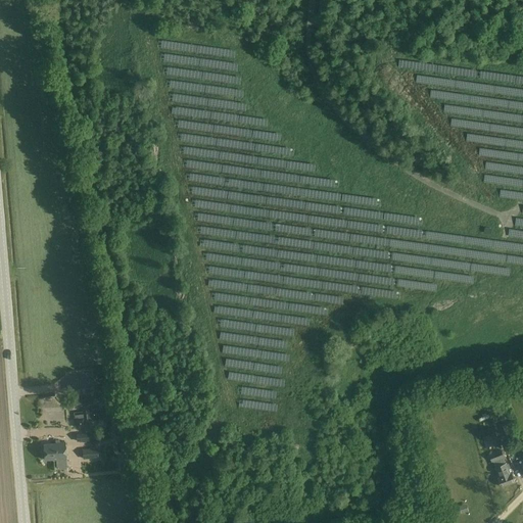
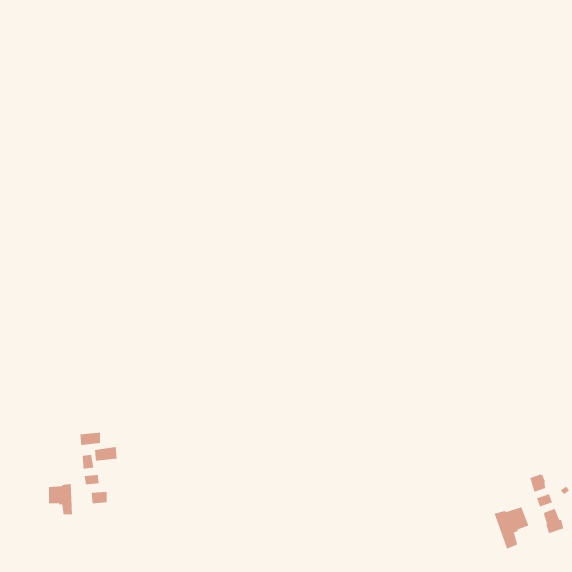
building: none -> [494,507,529,549]

